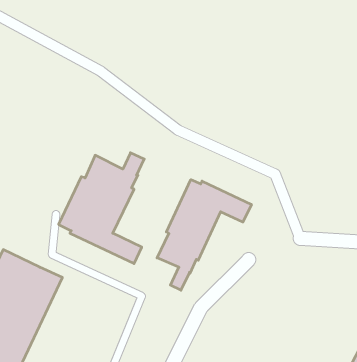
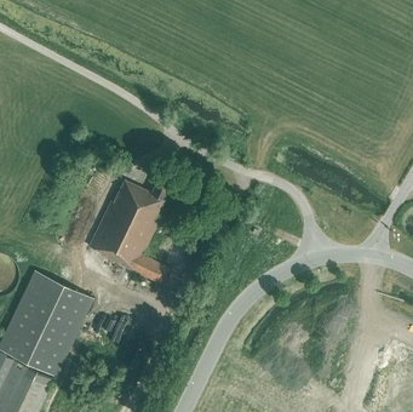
building: [157,180,251,290] -> none

